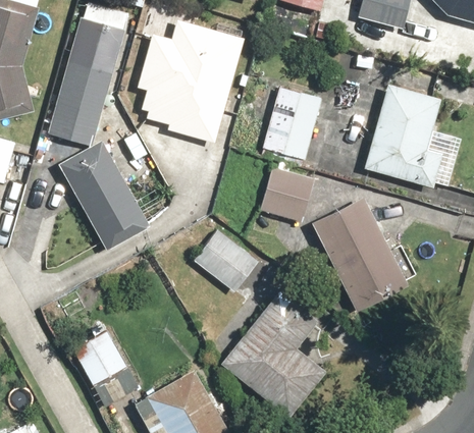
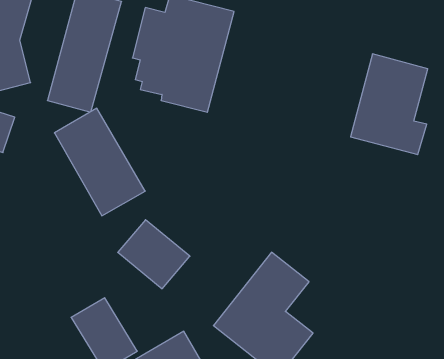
building: [262,90,324,160] -> none
building: [261,169,313,224] -> none
building: [309,194,407,310] -> none
building: [190,225,264,296] -> [118,220,190,289]

